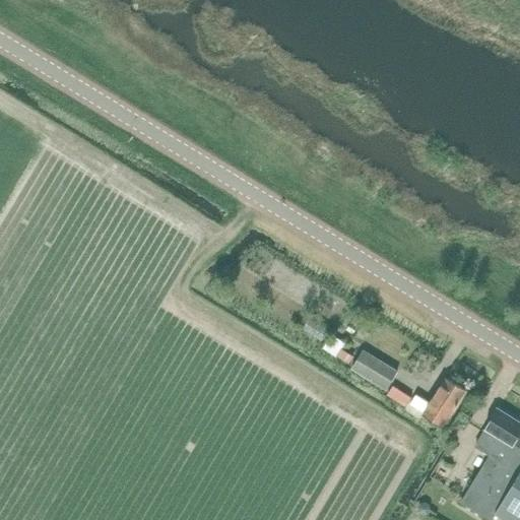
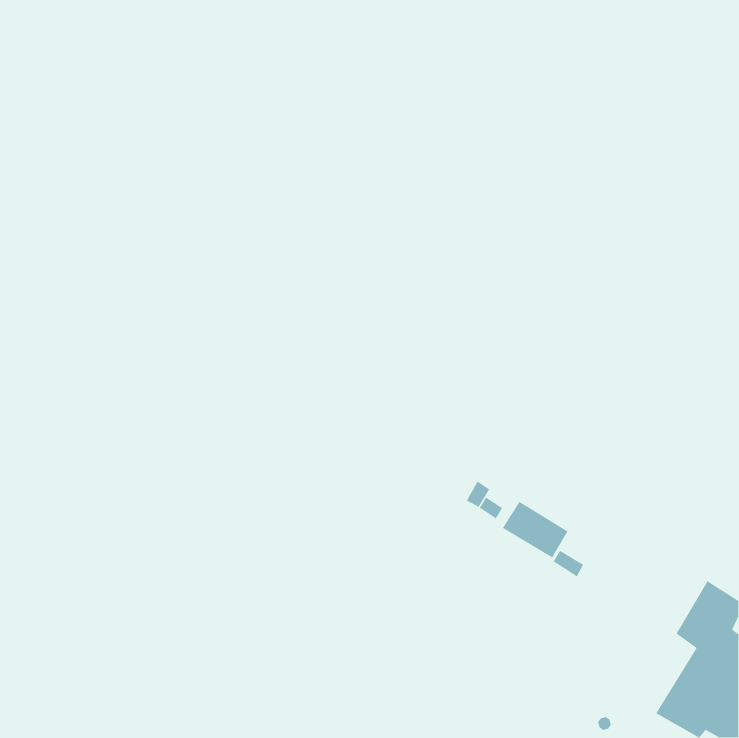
building: [424,376,468,426] -> none

